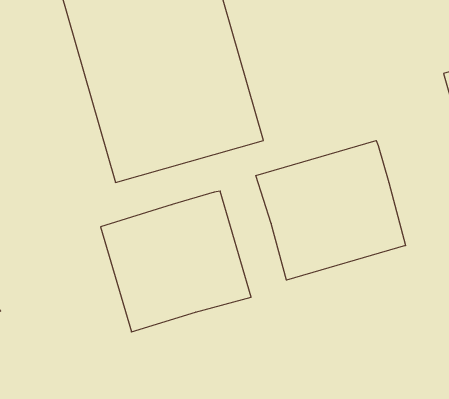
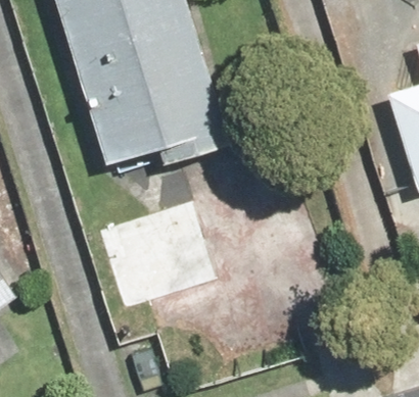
building: [256,141,406,280] -> none

